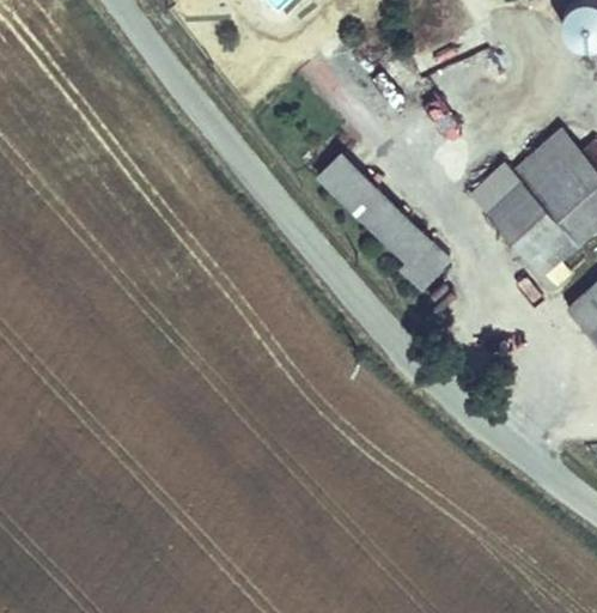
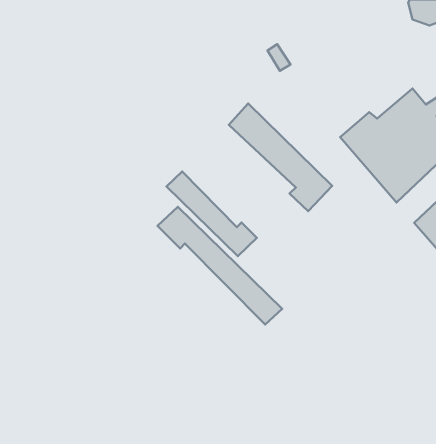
building: none -> [166,171,257,256]
building: none -> [158,207,282,324]

